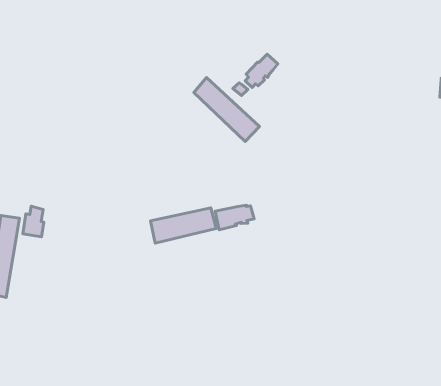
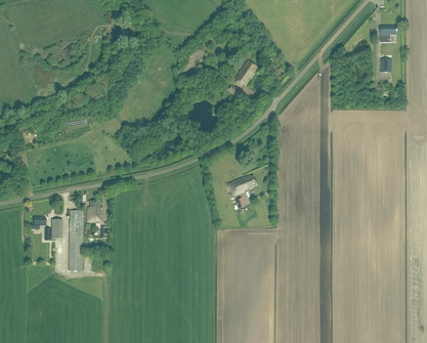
building: [194,78,260,141] -> none
building: [150,208,216,243] -> none

